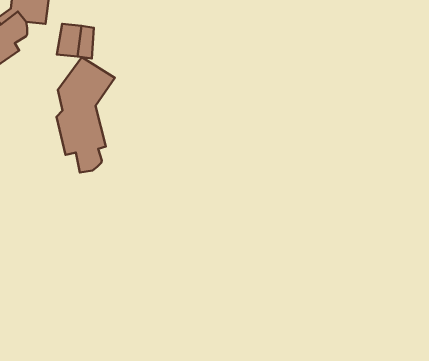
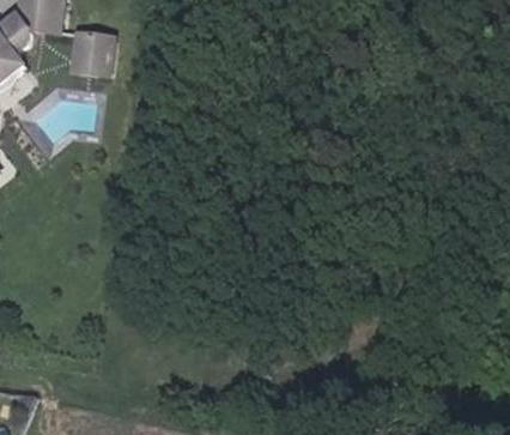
building: [57,57,115,172] -> none

